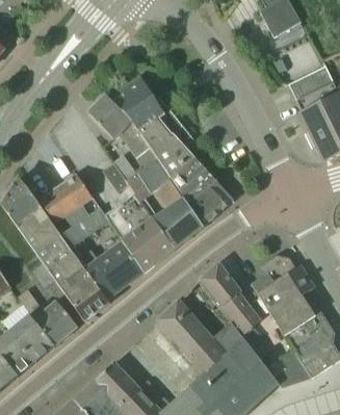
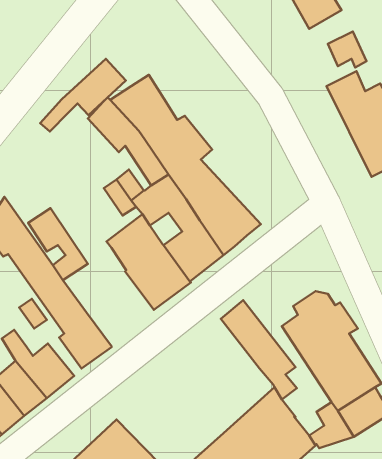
building: none -> [40,59,126,131]
building: [57,174,108,233] -> none
building: [82,239,143,302] -> none
building: [155,301,244,374] -> none

